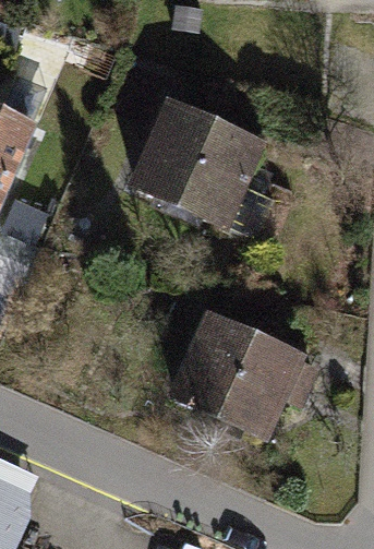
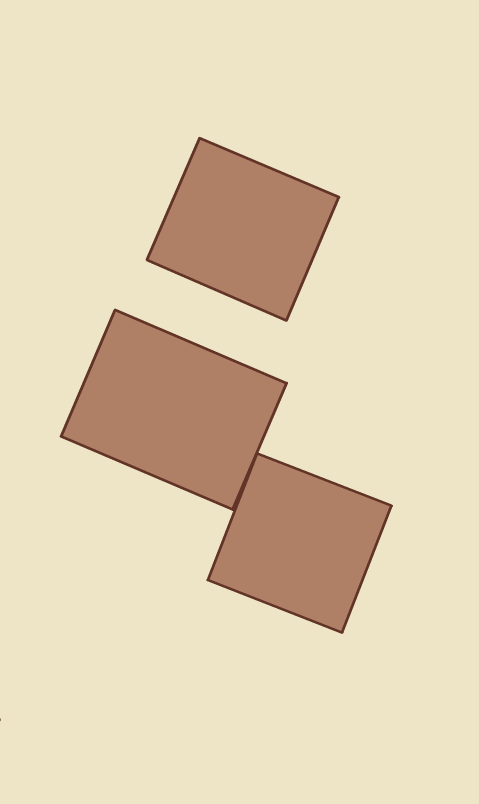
building: none -> [61,310,287,510]

